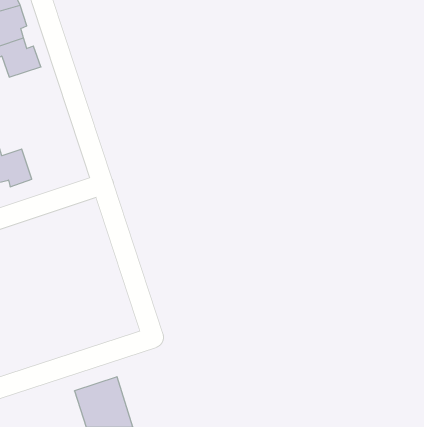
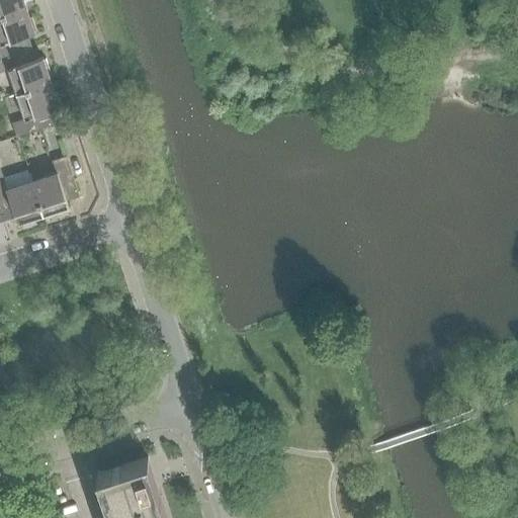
building: none -> [6,81,58,136]
building: none -> [26,155,74,217]

